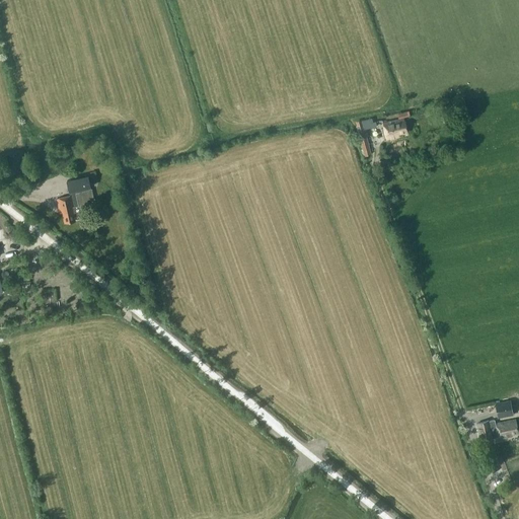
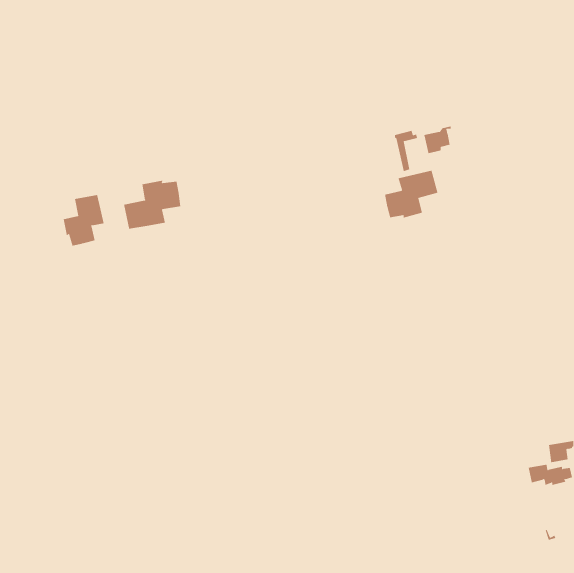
building: none -> [384,170,438,218]
building: none -> [124,180,181,230]

